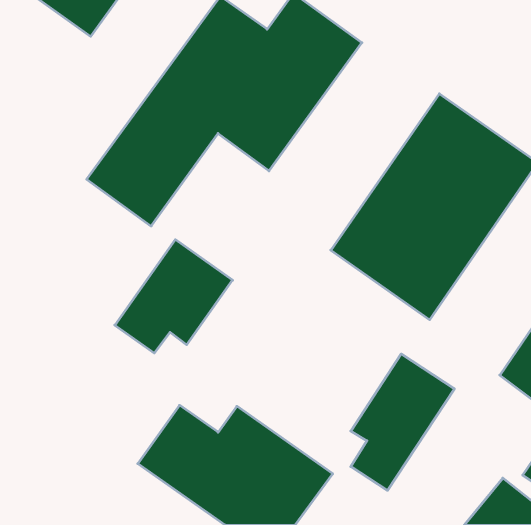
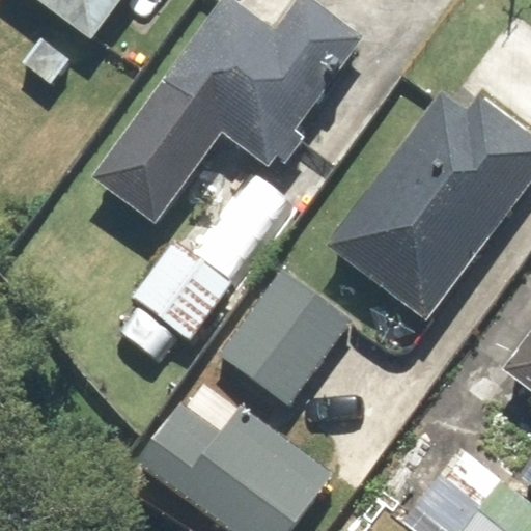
building: none -> [221,268,355,407]
building: [351,354,454,490] -> none

